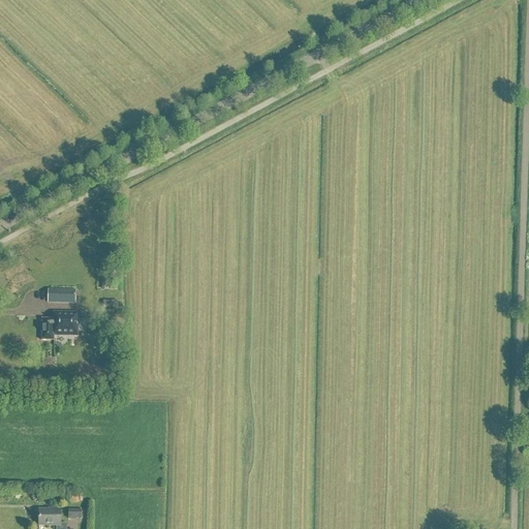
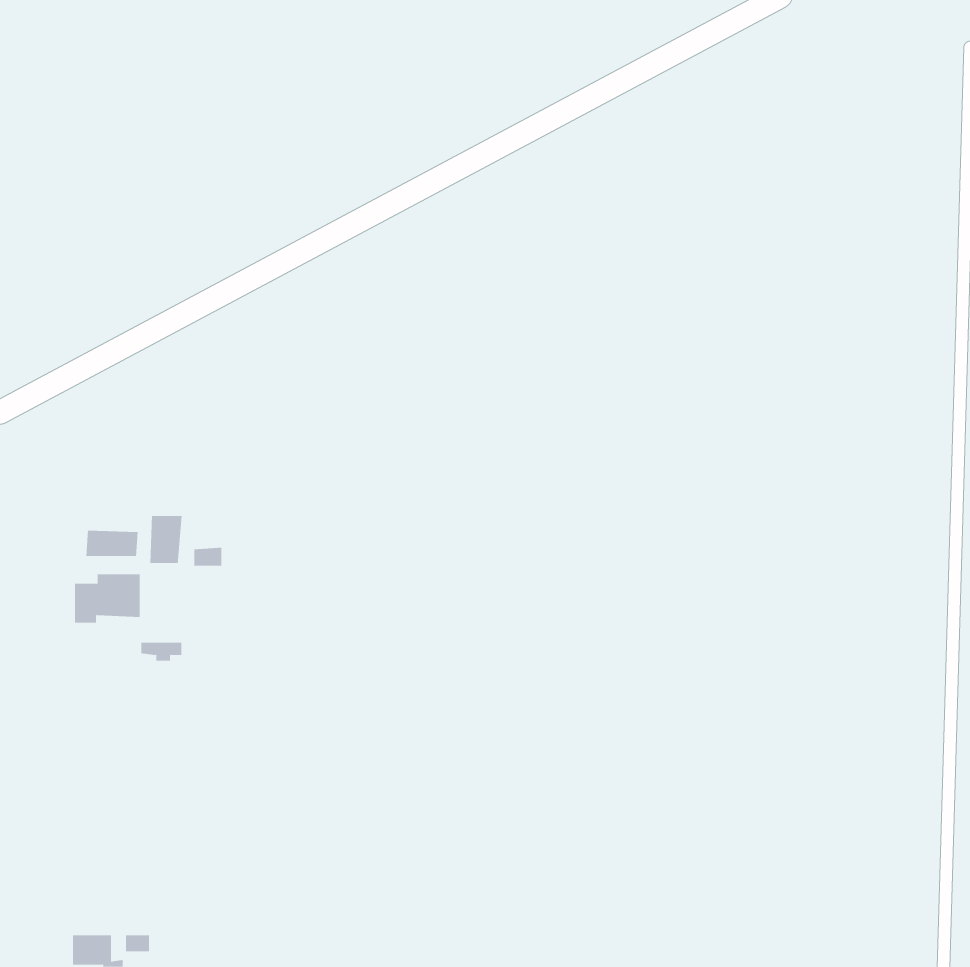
building: none -> [150,515,182,564]

